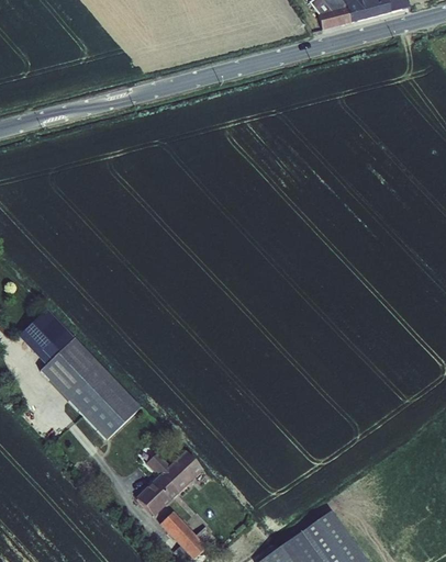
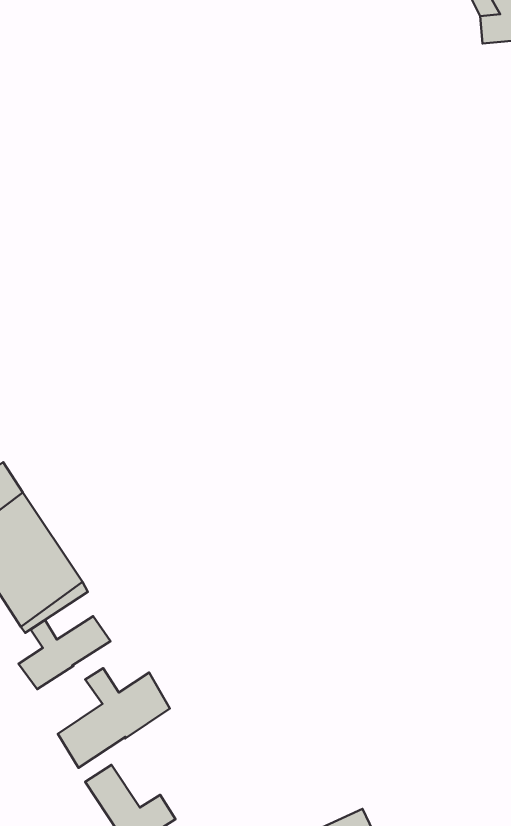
building: none -> [18,616,111,689]

